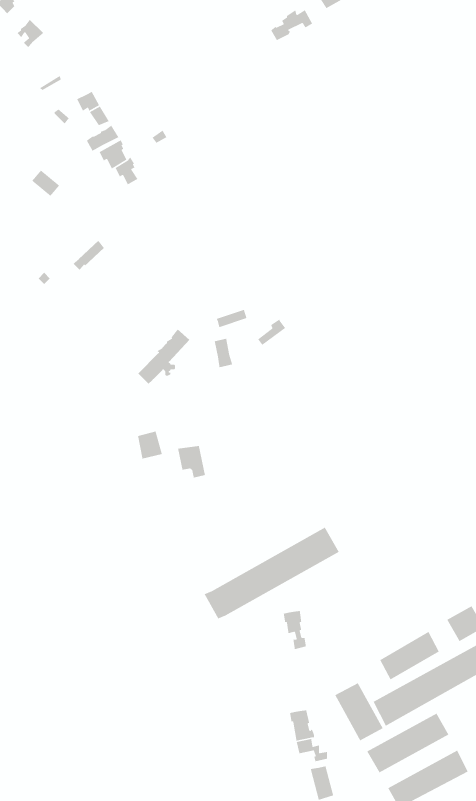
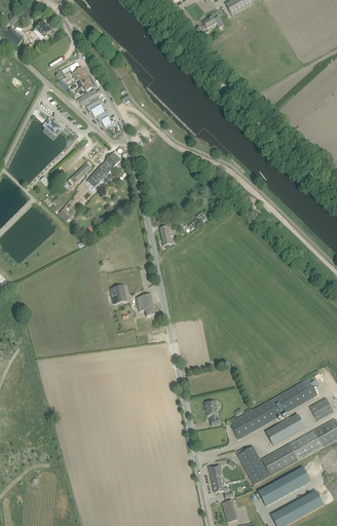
building: [137,328,190,385] -> [87,151,121,187]
building: [203,526,340,619] -> [229,378,316,438]

